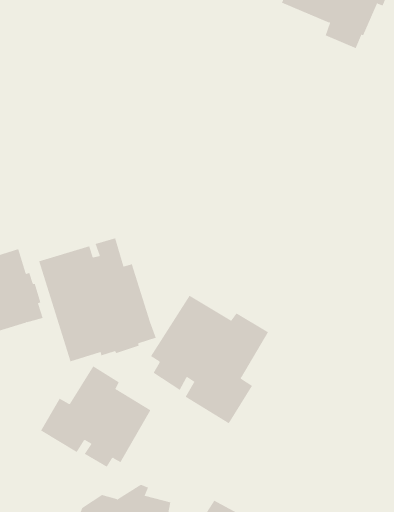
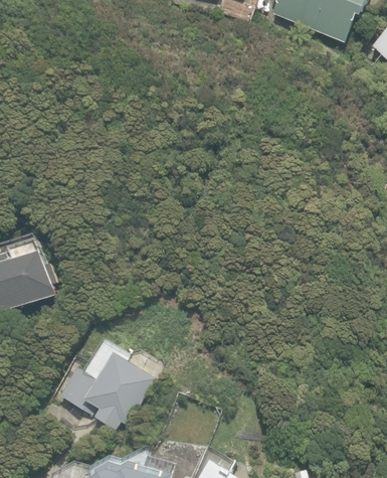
building: [39,238,157,362] -> none
building: [150,295,269,424] -> none

